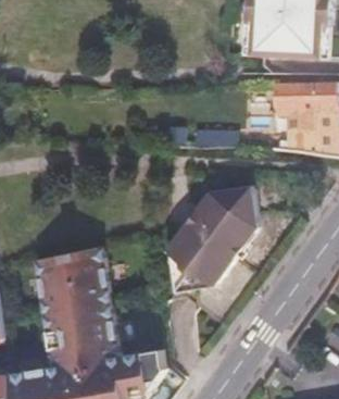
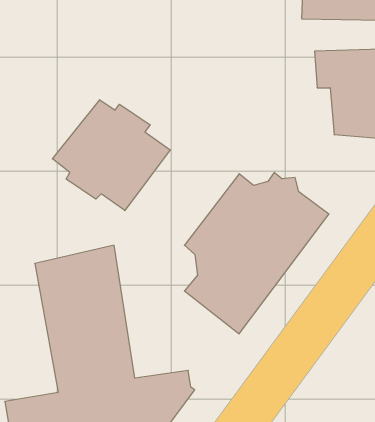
building: none -> [52,100,170,211]

